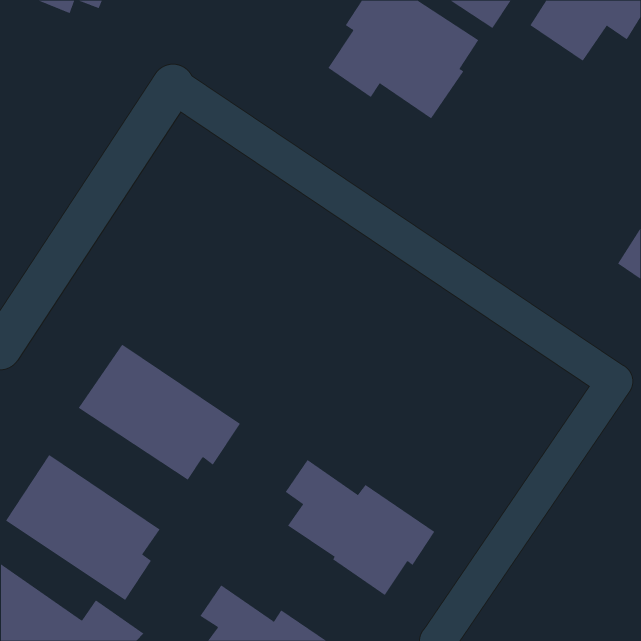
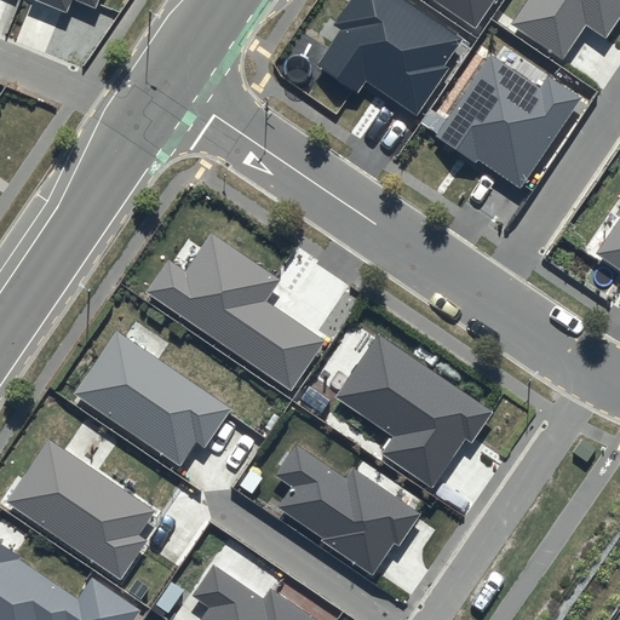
building: none -> [435,53,582,189]
building: none -> [147,234,323,389]
building: none -> [334,334,493,488]

